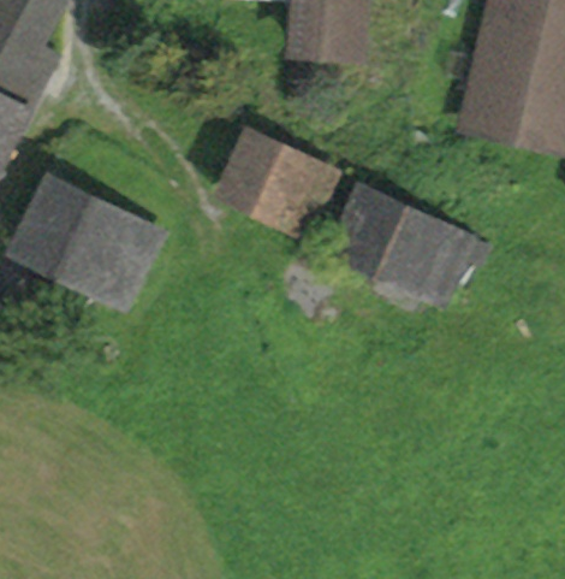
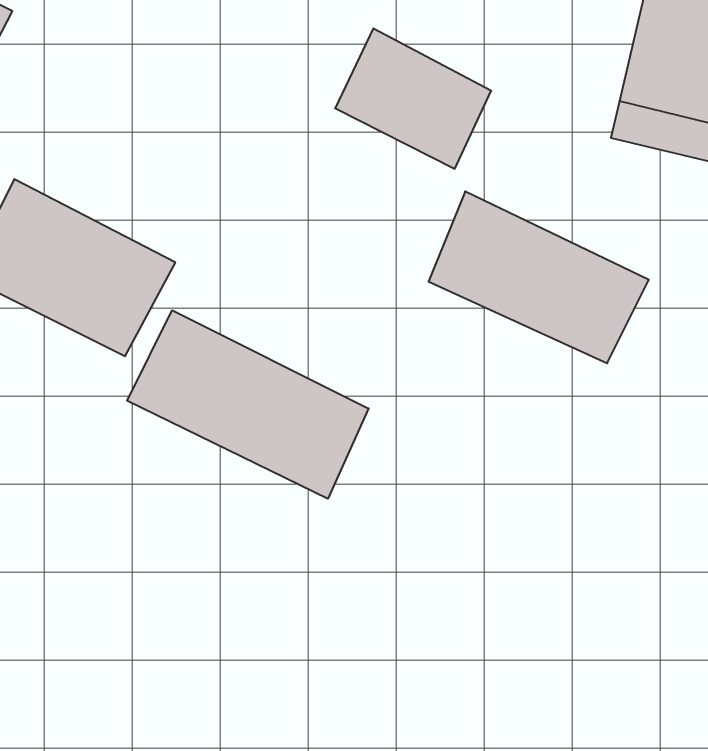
building: [221,126,329,224] -> [335,28,491,169]
building: none -> [127,310,369,499]

